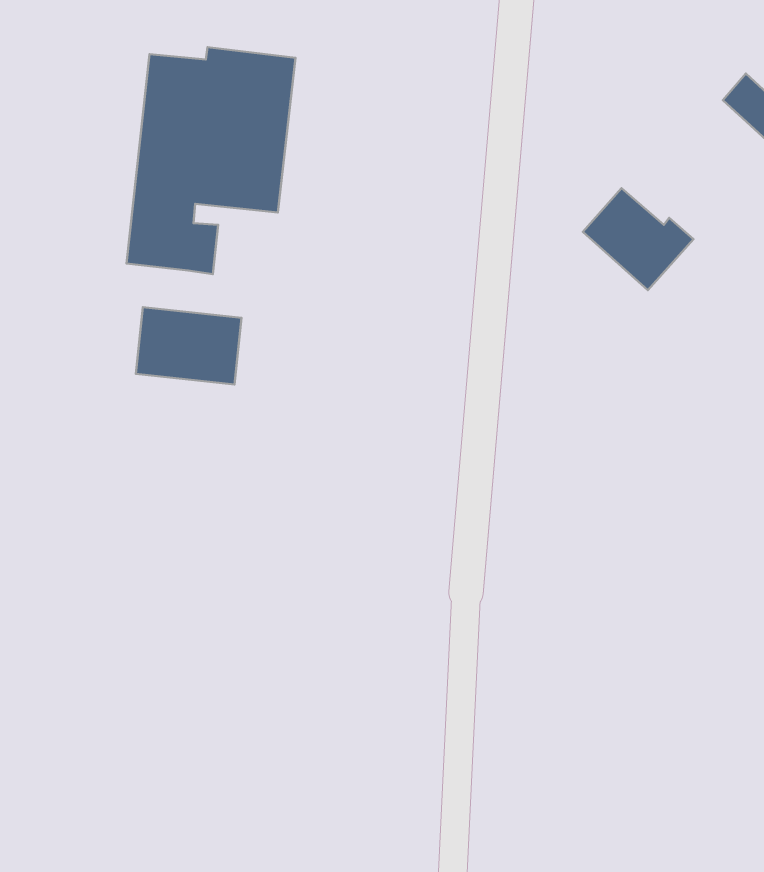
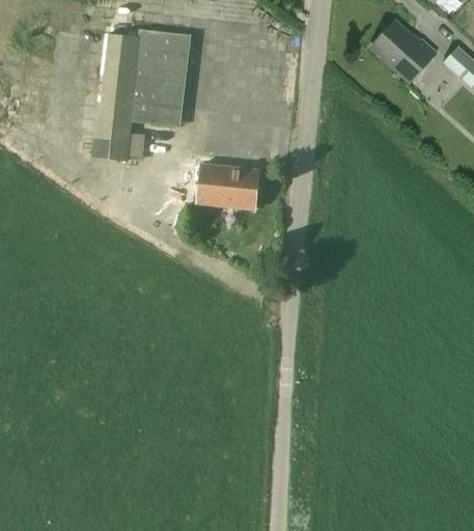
building: [583,188,694,290] -> [371,21,437,81]
building: [136,307,241,385] -> [197,164,259,209]

